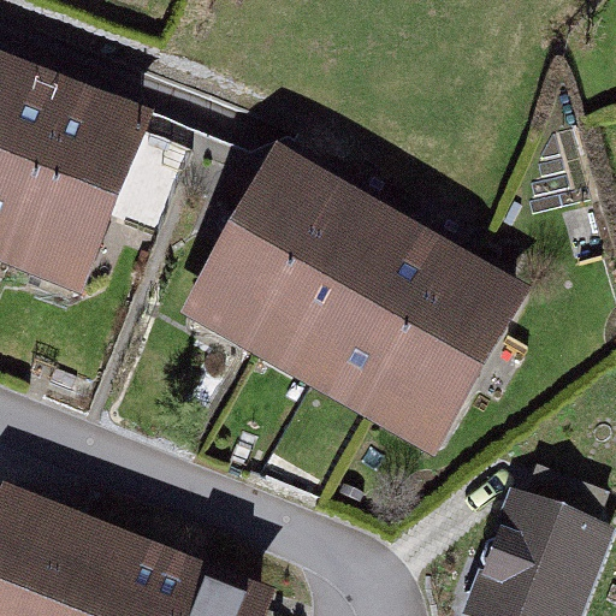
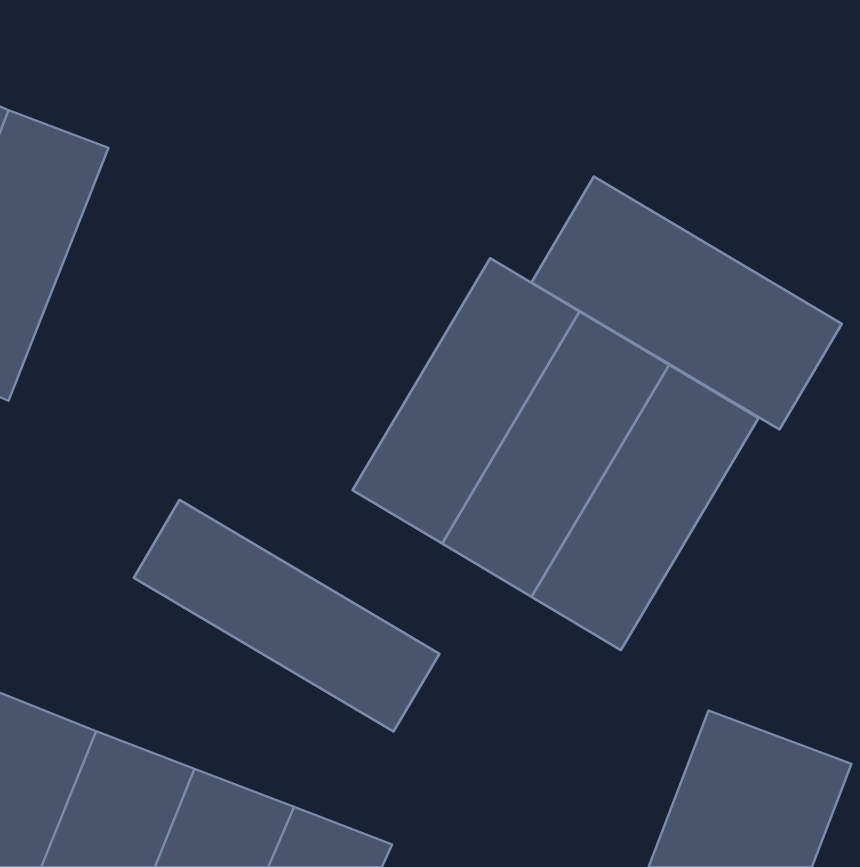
building: [6,103,144,308] -> none
building: none -> [531,177,842,430]
building: [183,144,343,343] -> none
building: none -> [134,500,439,732]

